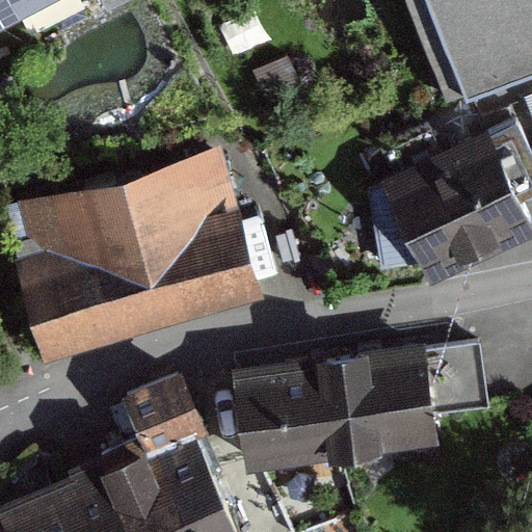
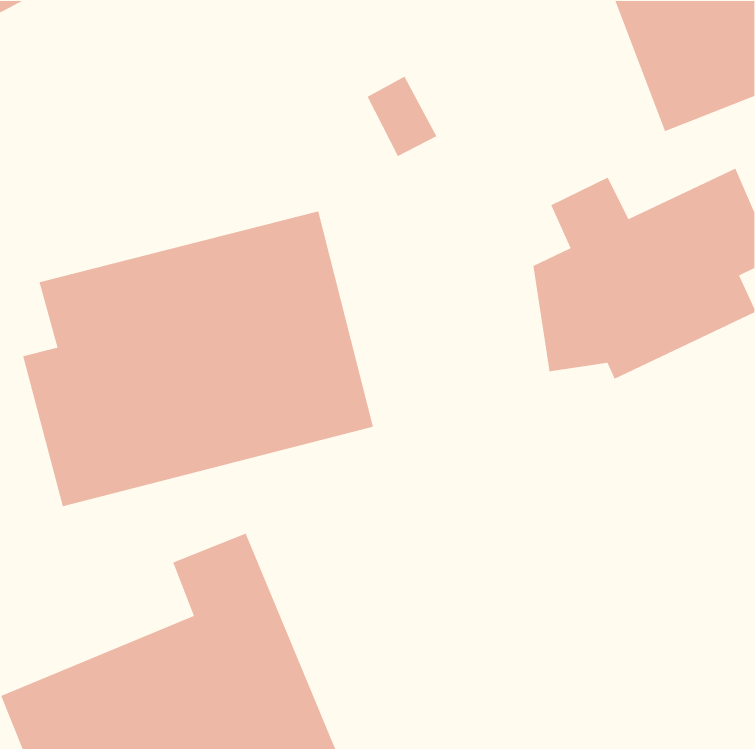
building: [237,344,487,461] -> none

